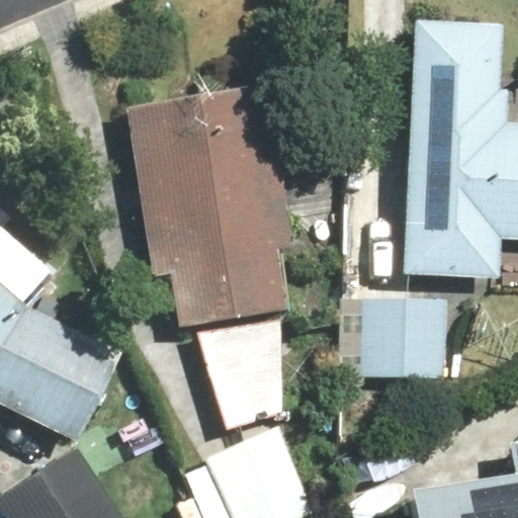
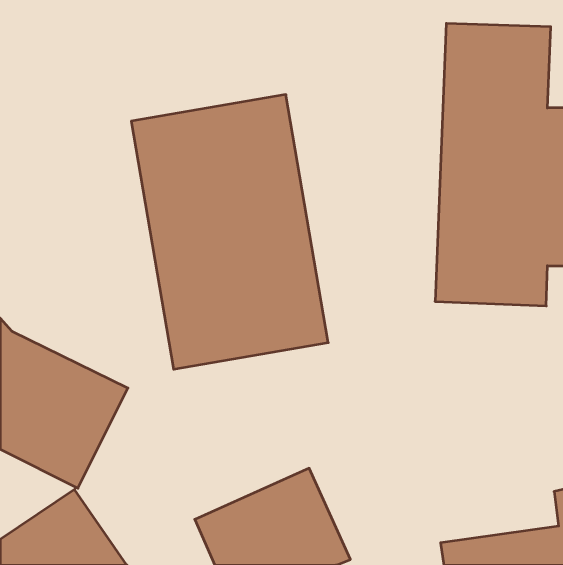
building: [359,299,467,379] -> none
building: [201,325,290,415] -> none

